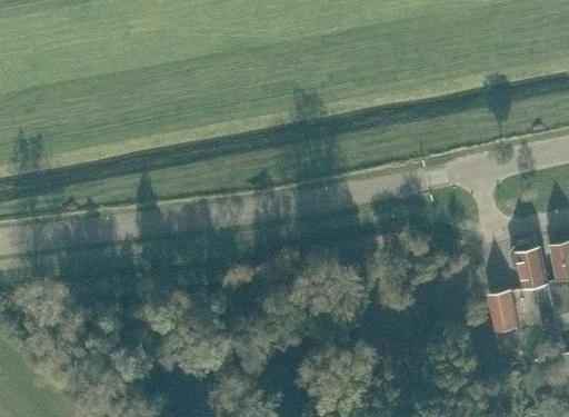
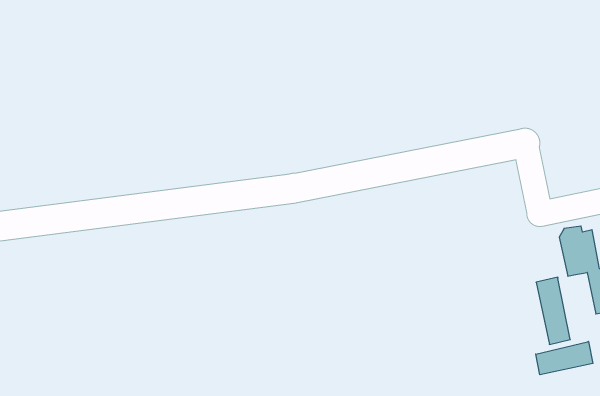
building: none -> [536,341,593,375]

